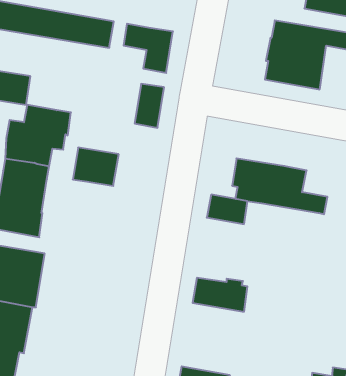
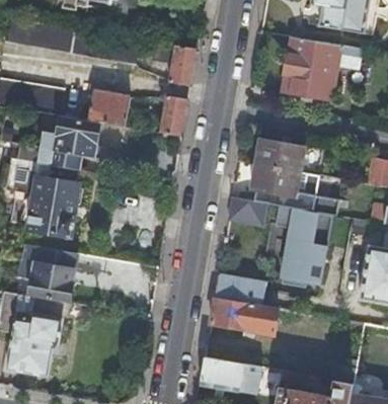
building: none -> [254,140,303,172]
building: [73,148,119,186] -> [88,91,131,127]
building: none -> [274,207,331,289]
building: none -> [210,299,278,334]

